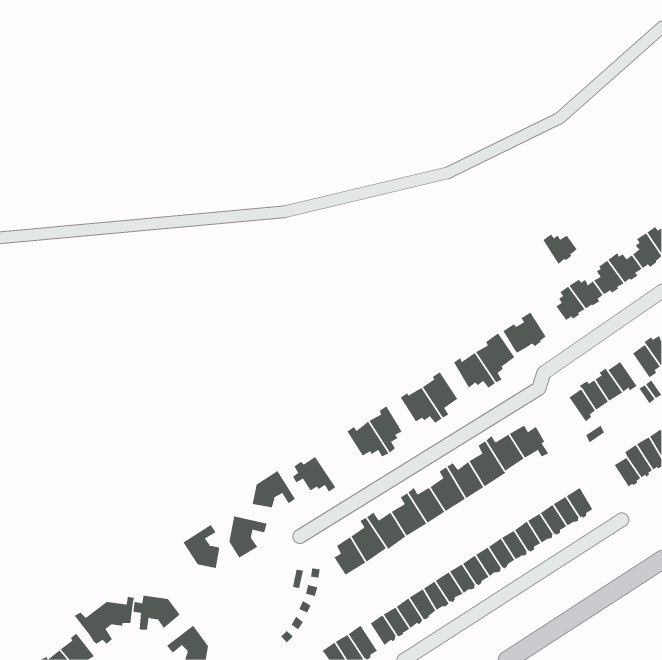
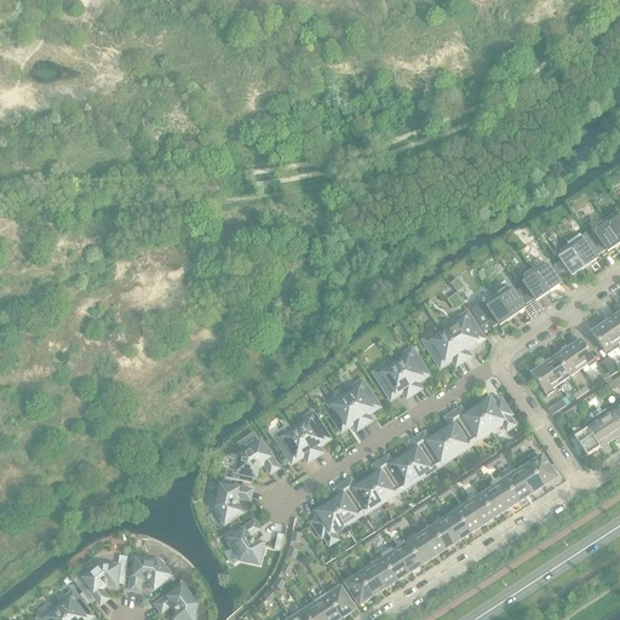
building: [542,234,578,265] -> [495,285,528,314]
building: none -> [294,411,326,454]
building: [183,524,220,568] -> [226,519,262,561]

